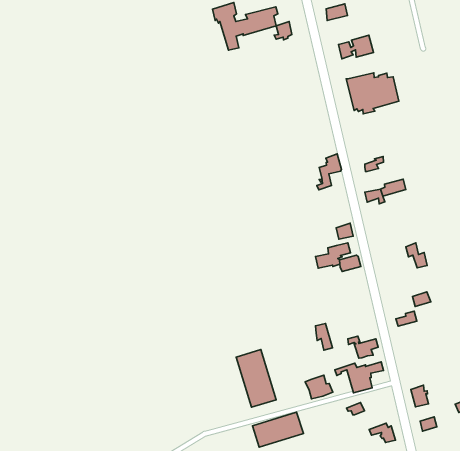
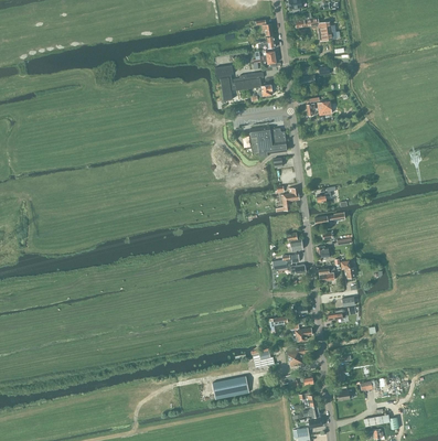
building: [346,73,399,114] -> [249,127,287,157]
building: [236,350,276,407] -> none

